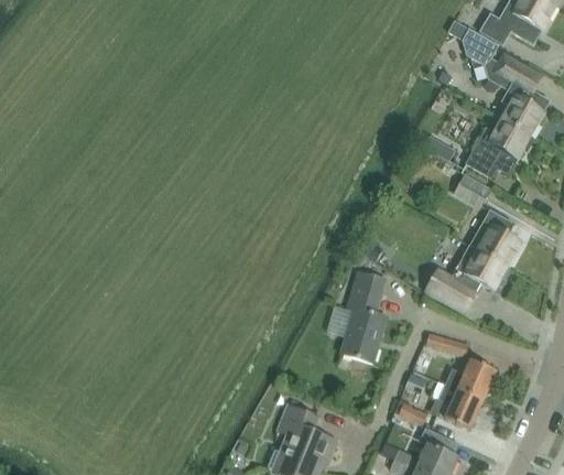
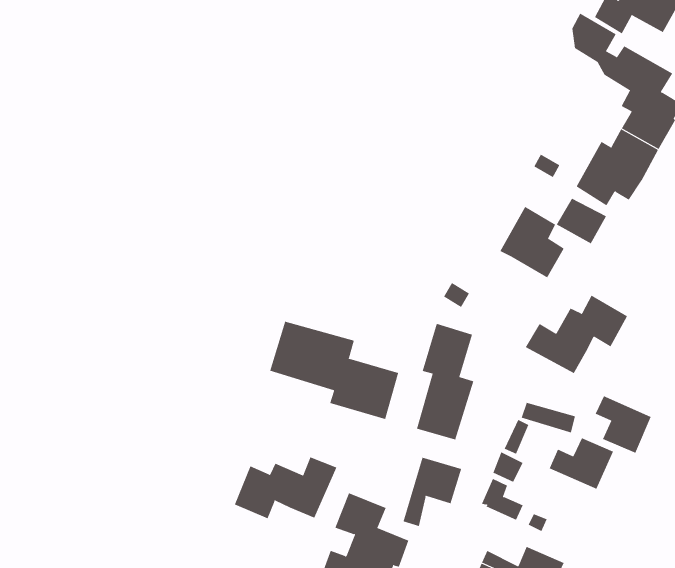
building: [469,208,520,265] -> [500,206,564,278]
building: none -> [270,321,399,420]
building: none -> [234,457,337,519]
building: none -> [403,457,462,527]
building: [438,384,482,429] -> [595,396,651,453]

